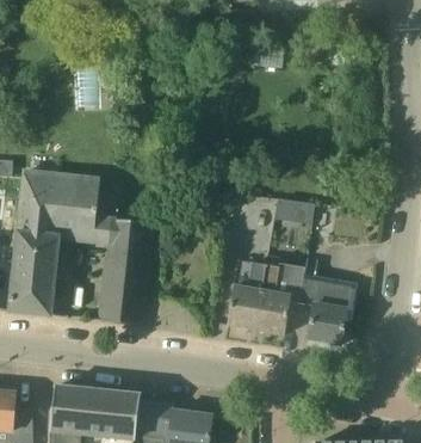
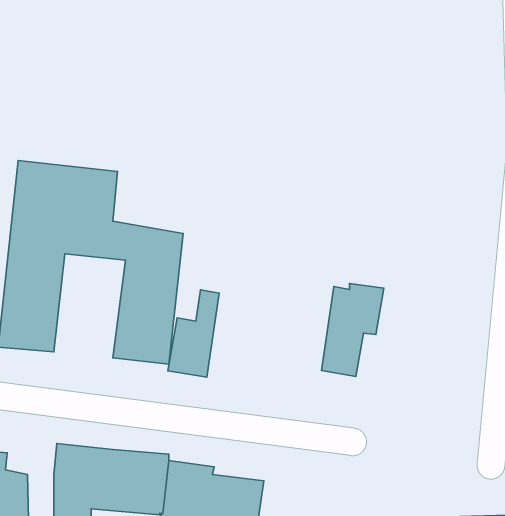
building: [277,197,316,224] -> none
building: [227,263,266,330] -> [168,290,219,377]
building: [298,278,349,346] -> none

